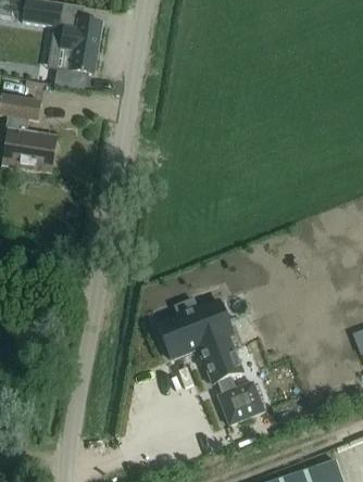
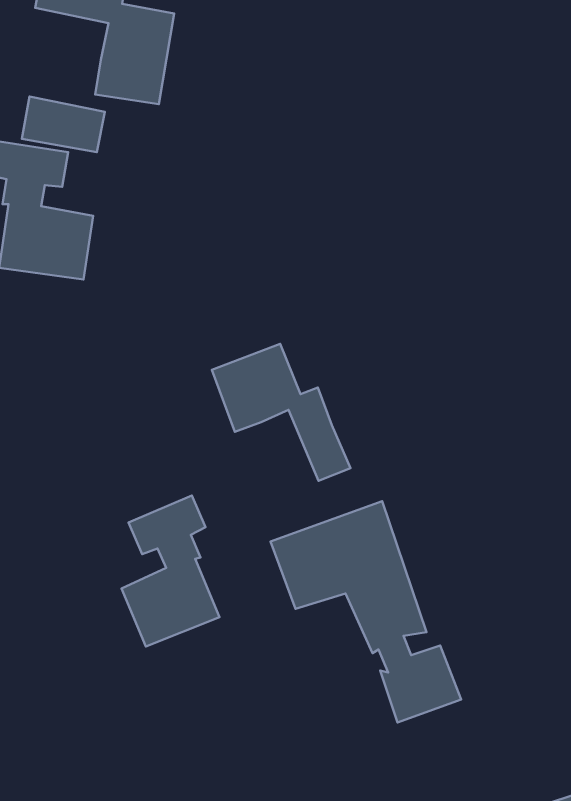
building: none -> [212,344,350,481]
building: none -> [122,496,220,647]

